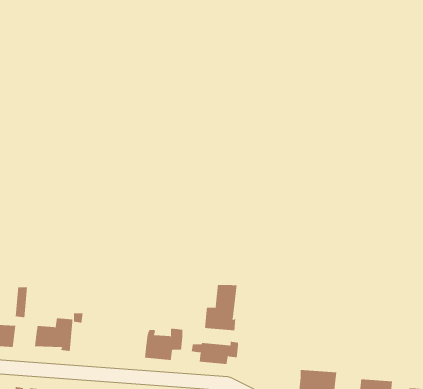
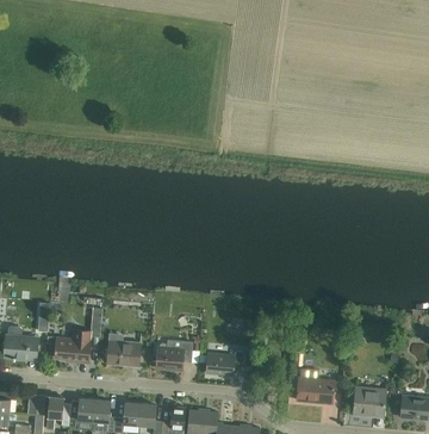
building: [205,284,237,331] -> none
building: none -> [107,333,141,367]

